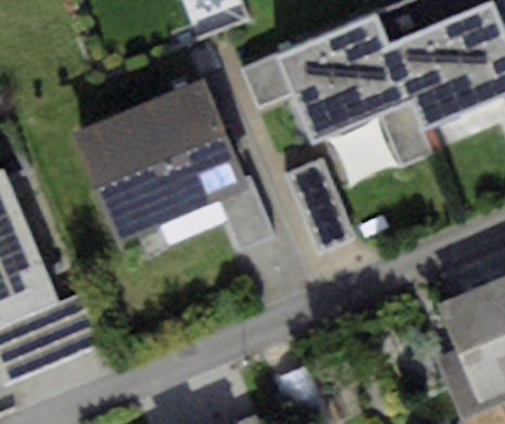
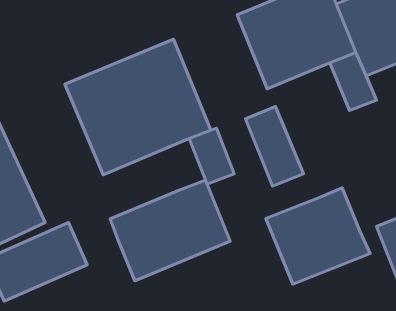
building: none -> [110,180,230,281]
building: none -> [266,188,370,284]

